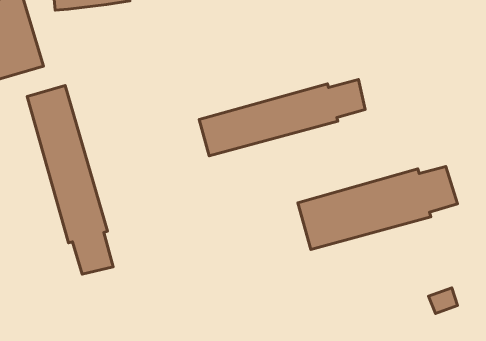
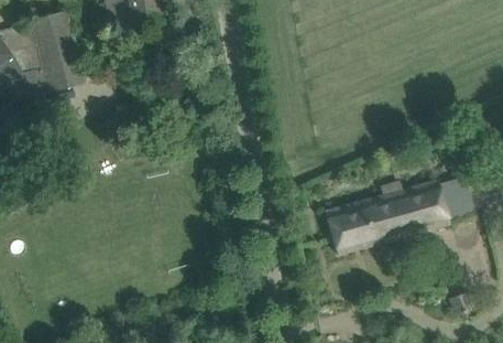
building: [199,80,365,156] -> none
building: [27,85,113,274] -> none

